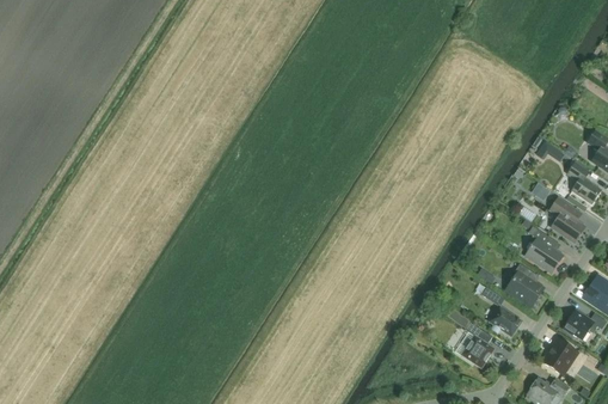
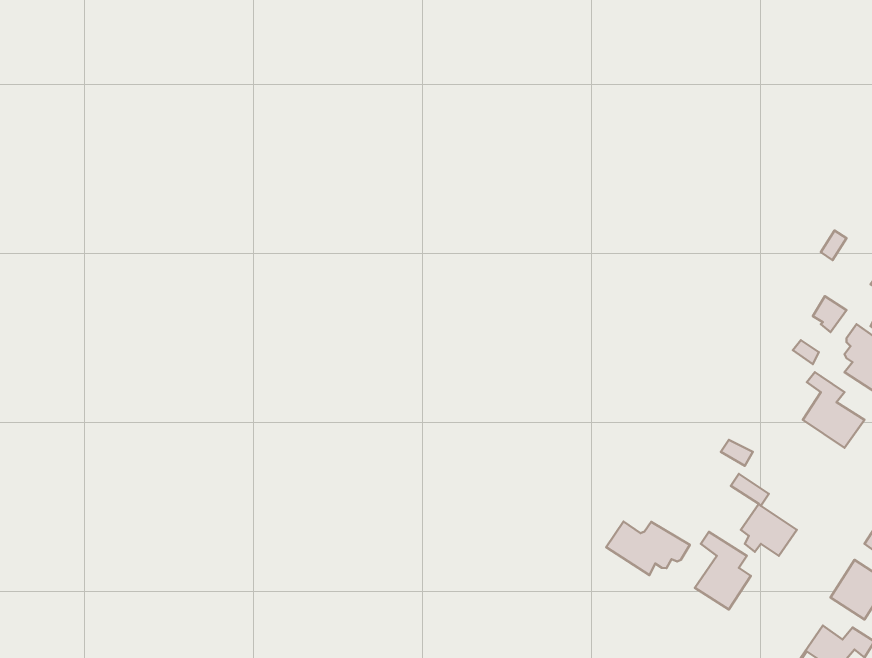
building: [506,263,543,306] -> none
building: none -> [606,522,690,575]

